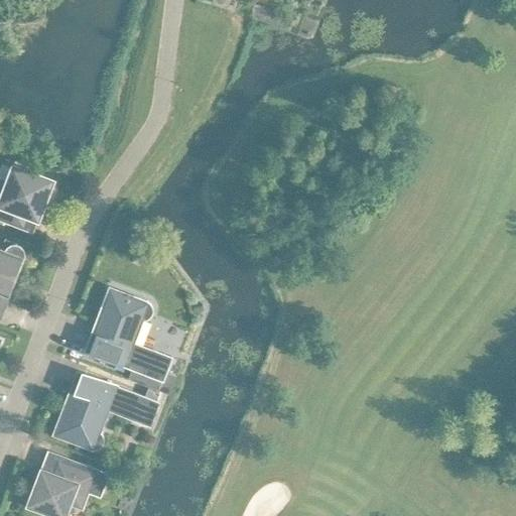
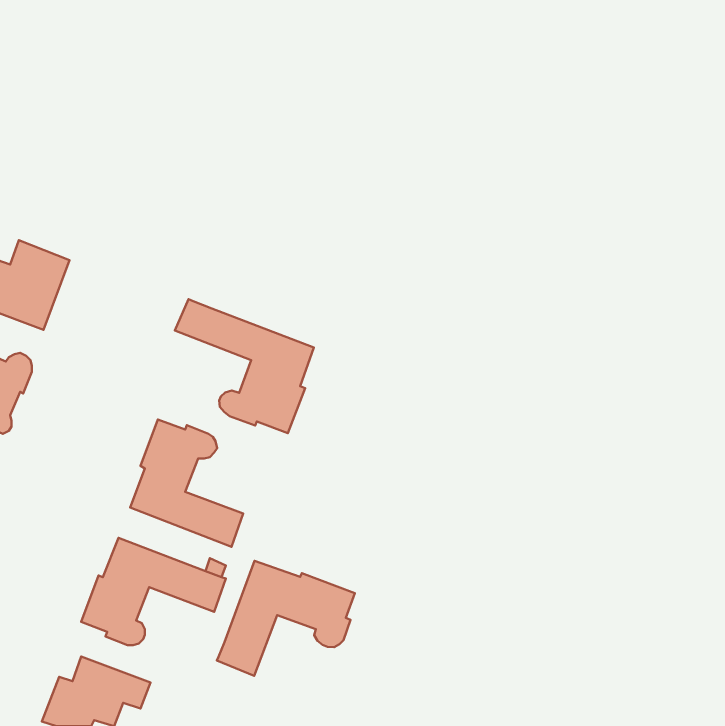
building: none -> [175,299,314,433]
building: none -> [217,561,355,676]

